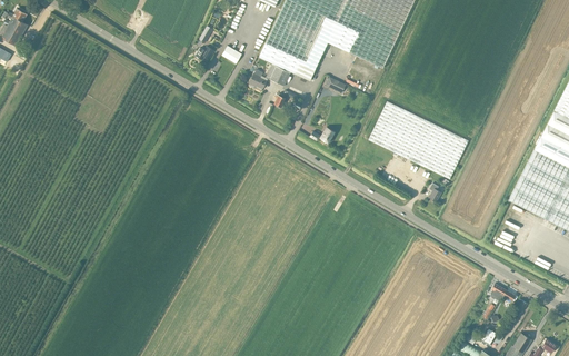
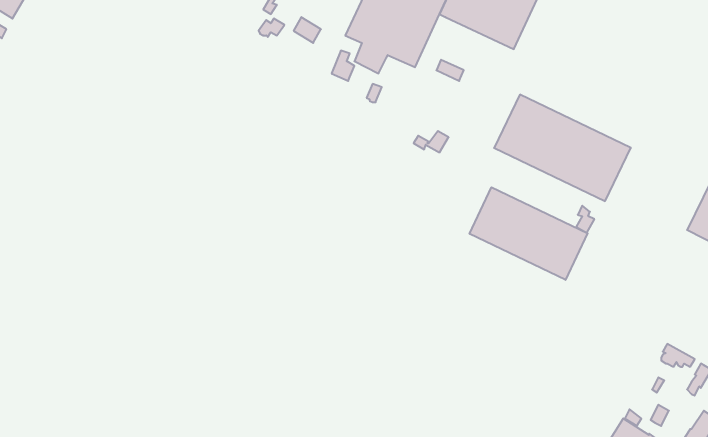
building: none -> [470,187,588,280]

